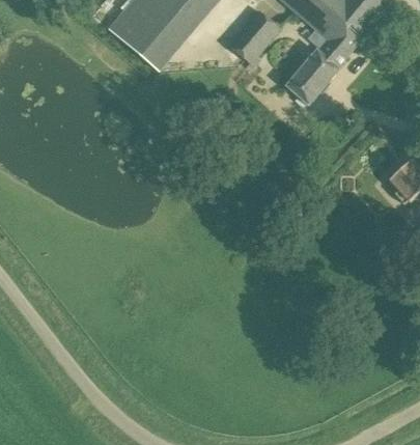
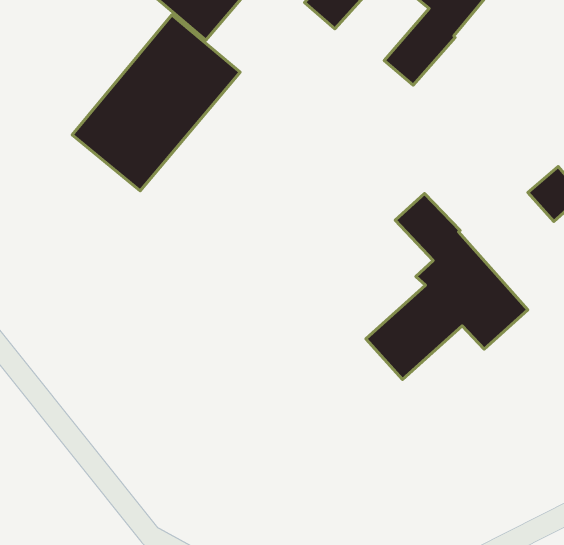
building: none -> [72,15,240,191]
building: none -> [366,193,528,379]

